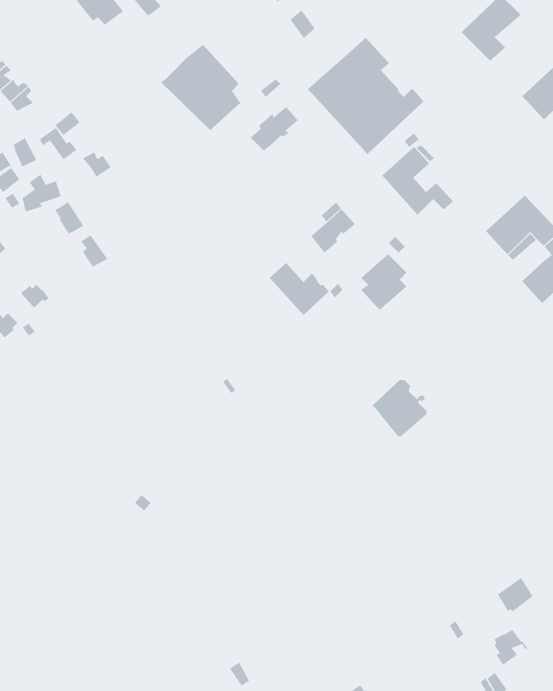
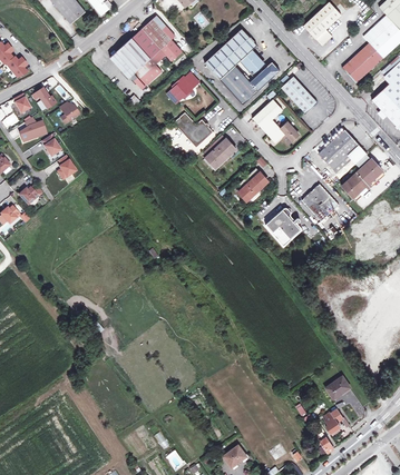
building: none -> [137,16,182,61]
building: none -> [281,76,318,113]
building: [269,262,329,316] -> [174,112,213,147]
building: none -> [302,184,339,220]
building: [372,380,429,437] -> [265,208,302,245]

